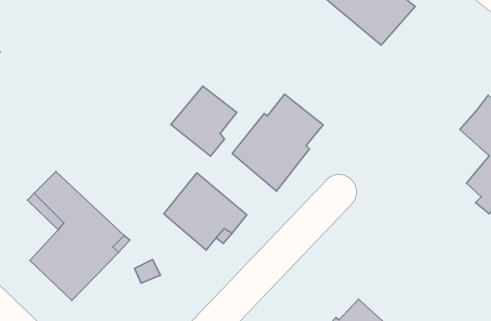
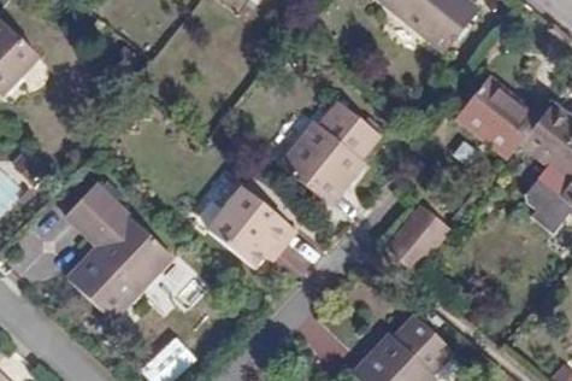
building: none -> [458,78,541,158]
building: [171,86,237,156] -> none
building: none -> [385,201,455,271]

